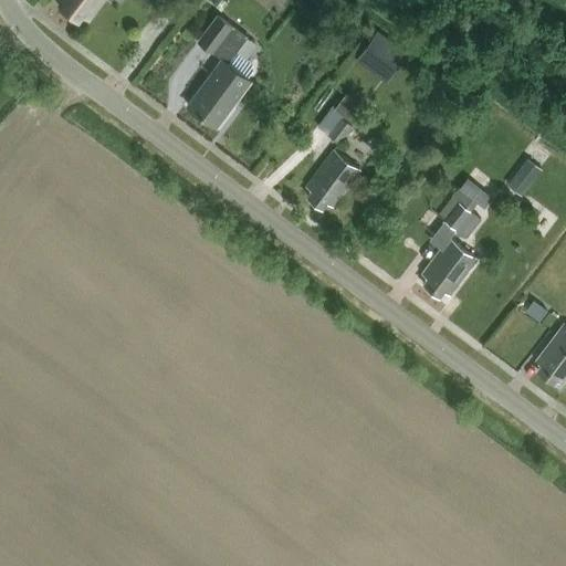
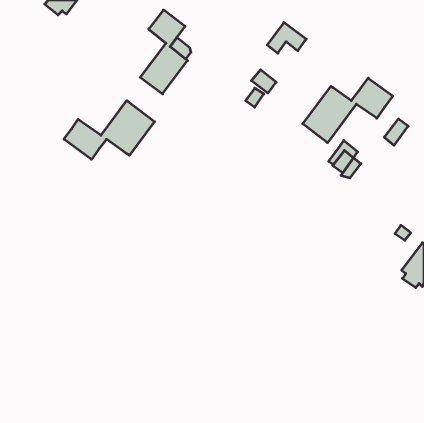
building: none -> [303,78,393,143]
building: none -> [64,101,155,159]
building: [305,150,360,209] -> none
building: [421,239,476,298] -> none

